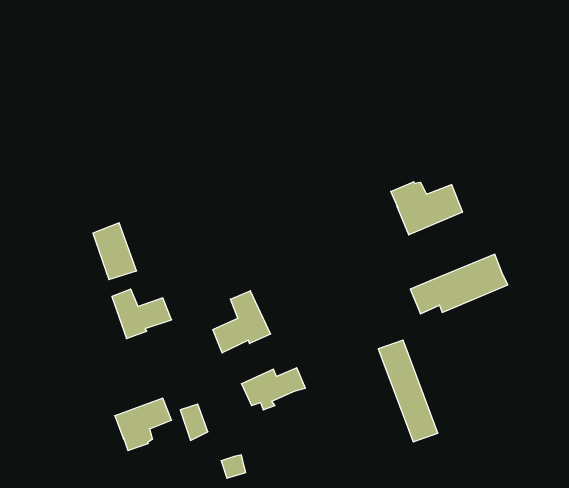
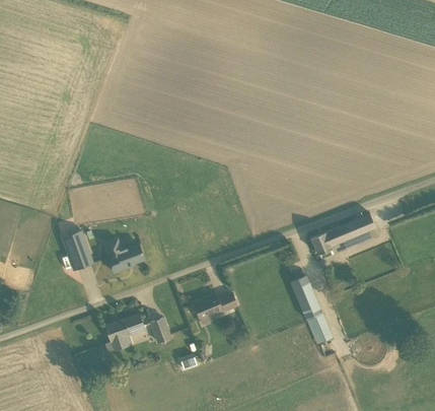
building: [391,182,462,235] -> none
building: [93,223,137,280] -> [63,229,93,269]
building: [213,291,270,353] -> none

